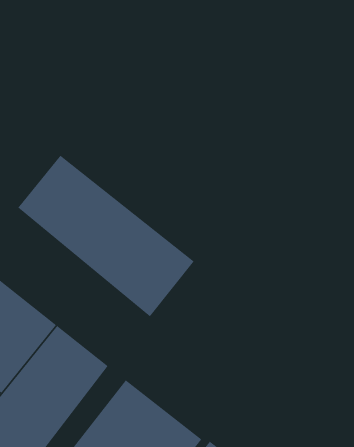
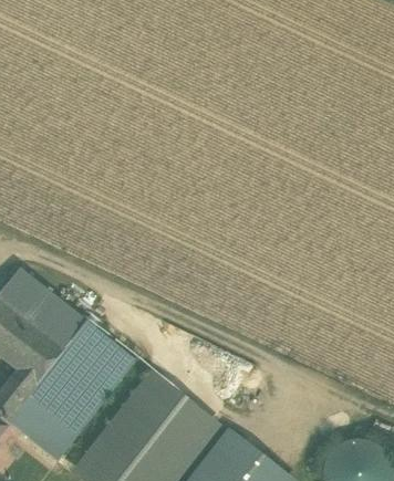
building: [17,155,195,317] -> none

